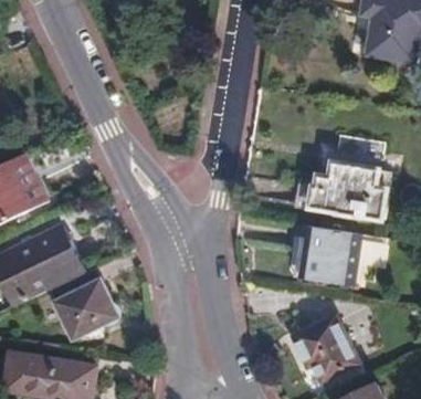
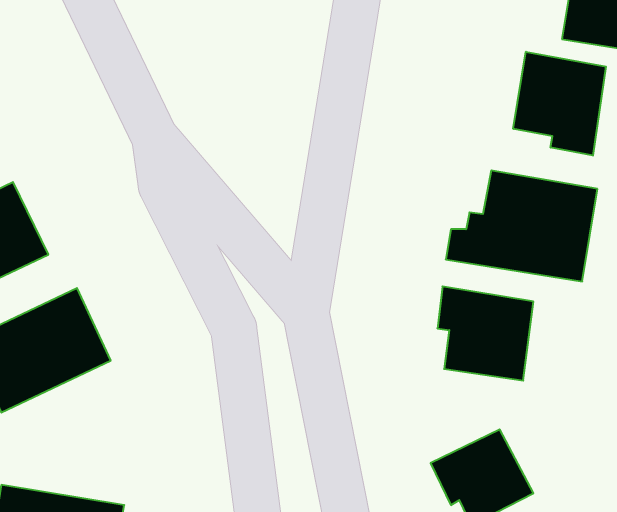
building: none -> [513,52,606,156]
building: [52,280,116,339] -> none

